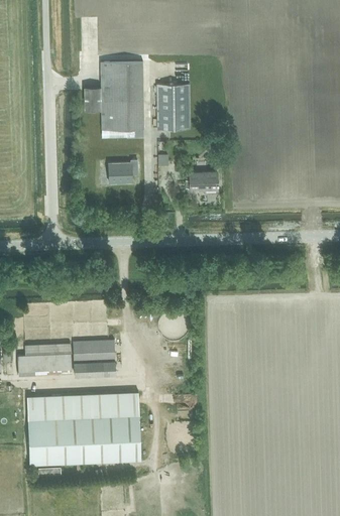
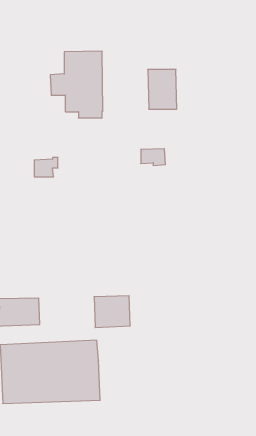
building: [156,85,190,130] -> [148,69,177,109]
building: [109,160,136,182] -> [34,157,58,177]
building: [74,342,115,378] -> [94,296,130,328]

